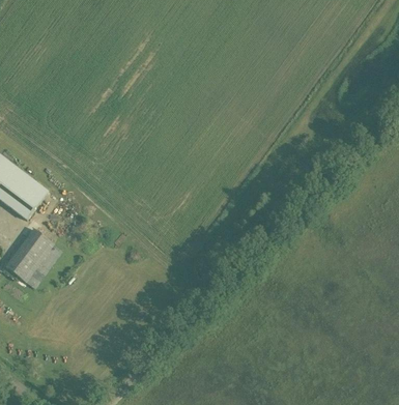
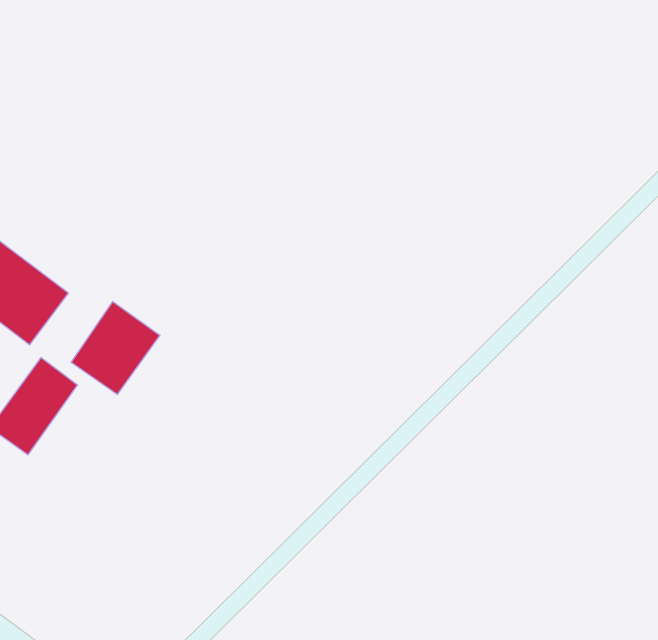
building: none -> [71,301,160,394]

